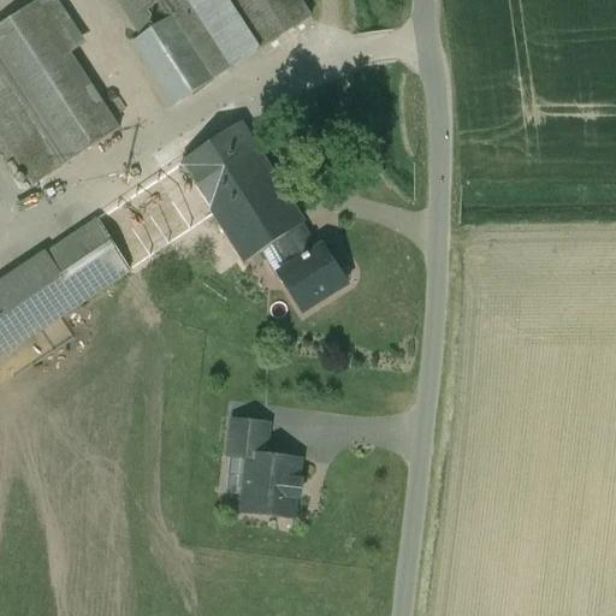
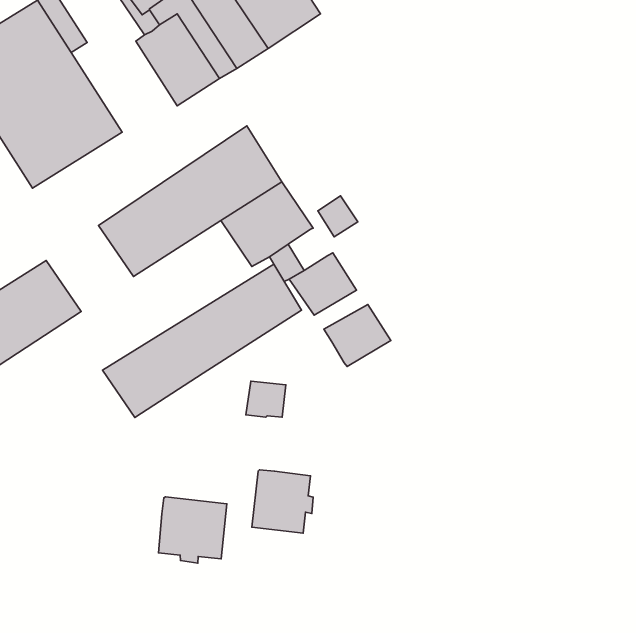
building: [45,218,129,301] -> none
building: [278,221,316,261] -> [318,196,358,237]
building: none -> [102,264,302,417]
building: none -> [324,305,391,367]
building: [230,420,268,455] -> [246,381,286,417]
building: none -> [158,497,227,563]

